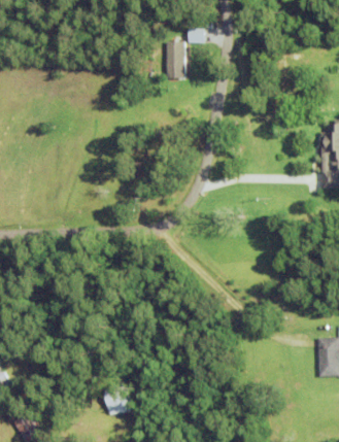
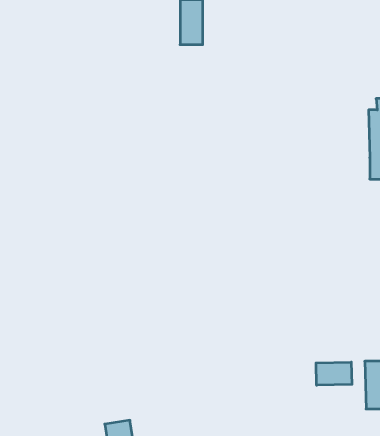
building: none -> [316,362,352,385]

